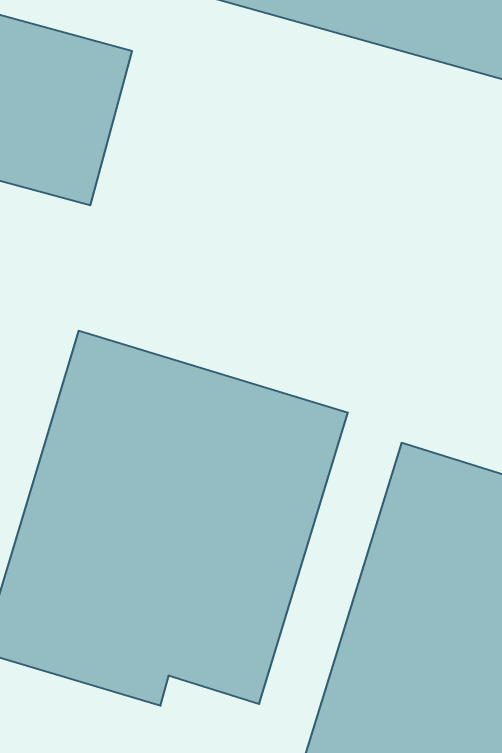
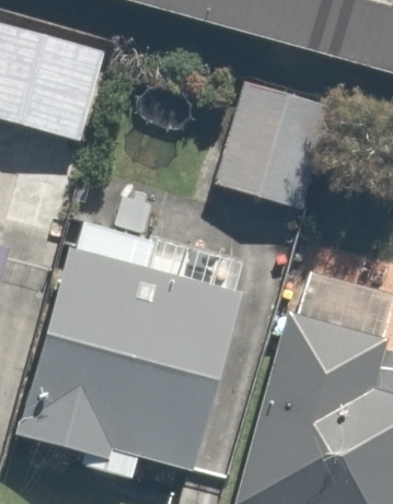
building: none -> [208,68,328,216]

